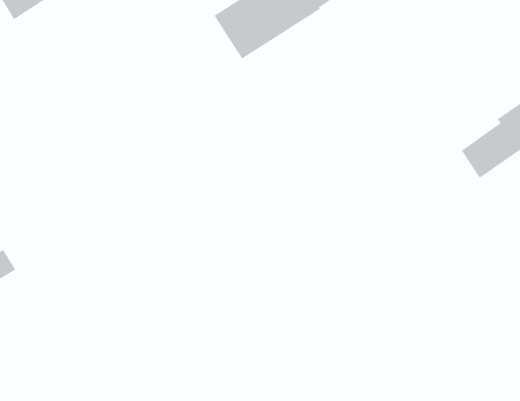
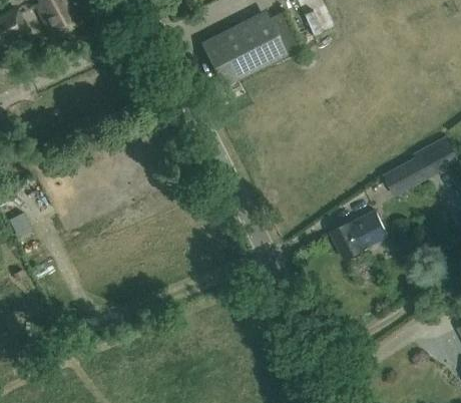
building: none -> [330,209,388,257]

